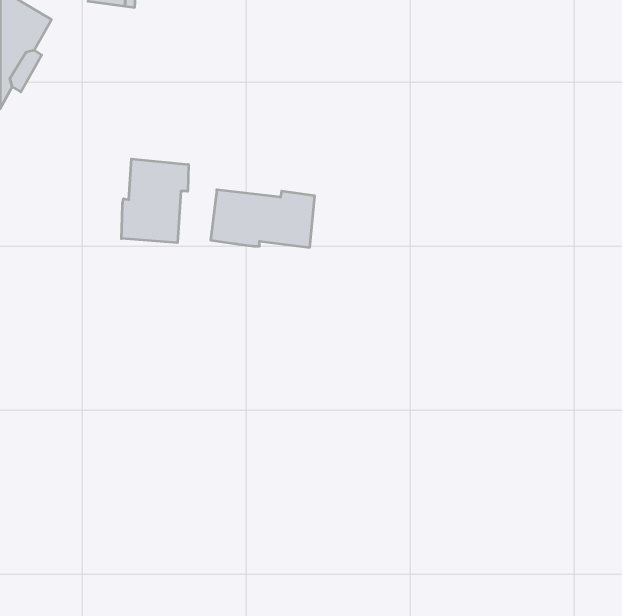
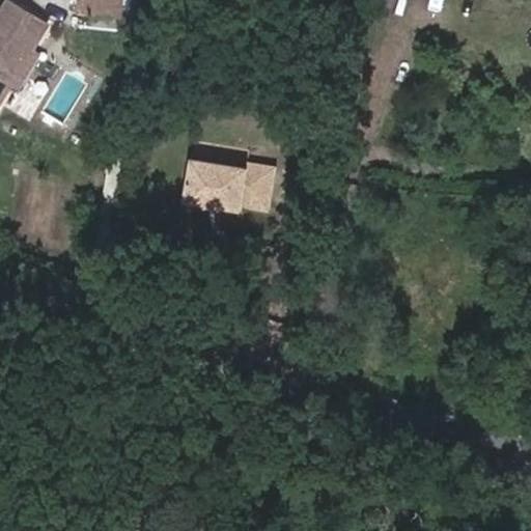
building: [121,159,188,243] -> none

